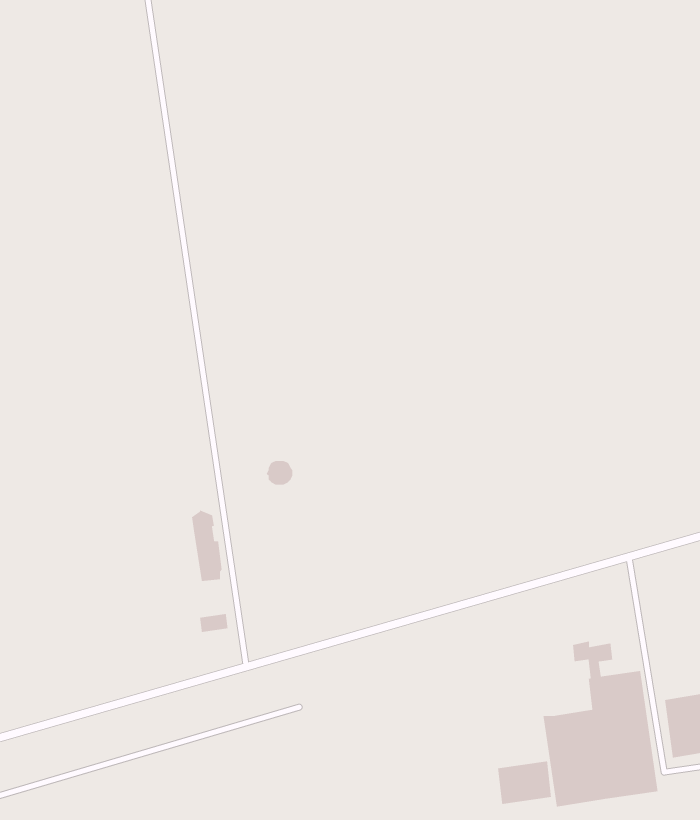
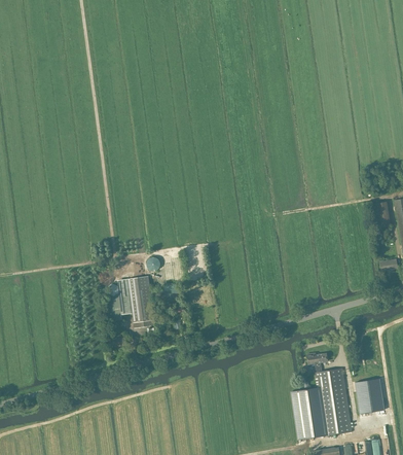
building: none -> [127,276,155,327]
building: [497,760,552,805] -> none

